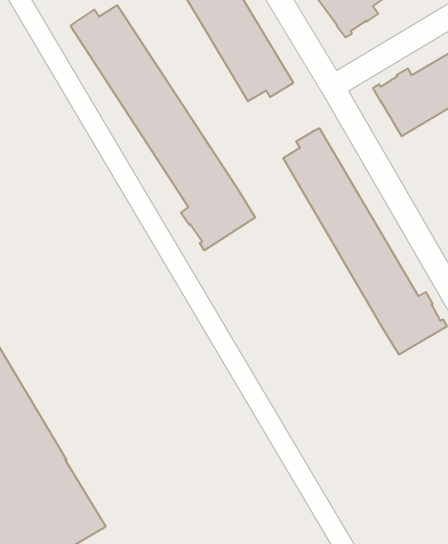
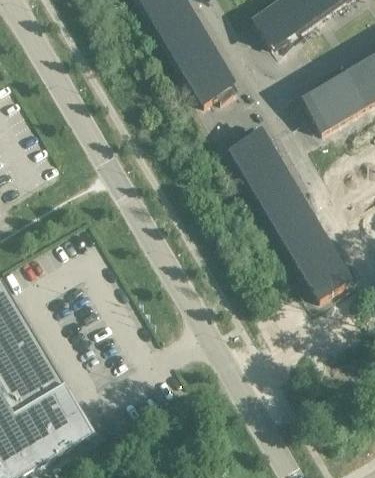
building: [71,5,255,250] -> none

